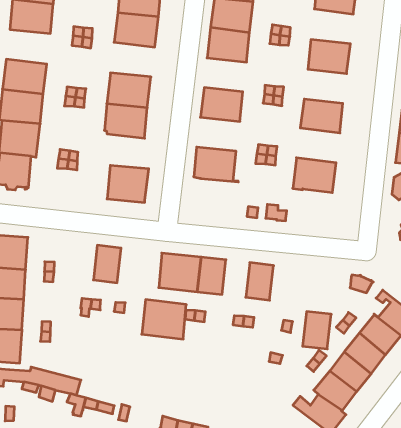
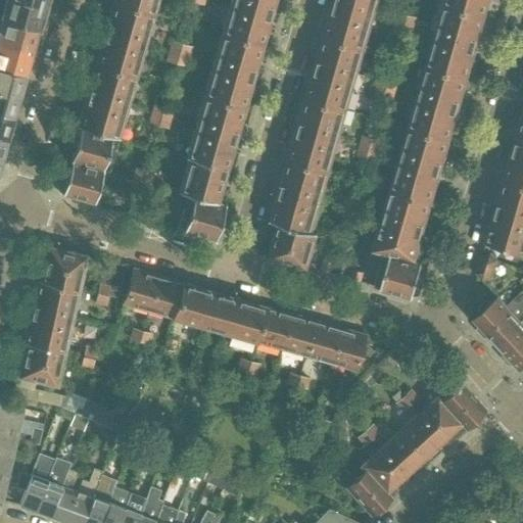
building: none -> [419,66,468,109]
building: none -> [95,35,146,78]
building: none -> [202,66,253,109]
building: none -> [298,99,347,141]
building: none -> [401,129,450,171]
building: none -> [280,160,330,202]
building: none -> [383,189,433,232]
building: none -> [179,161,227,203]
building: none -> [270,225,318,270]
building: none -> [375,253,423,299]
building: none -> [123,270,158,313]
building: none -> [281,315,316,358]
building: [142,300,186,339] -> [173,284,225,332]
building: [303,312,331,349] -> [330,329,366,372]

